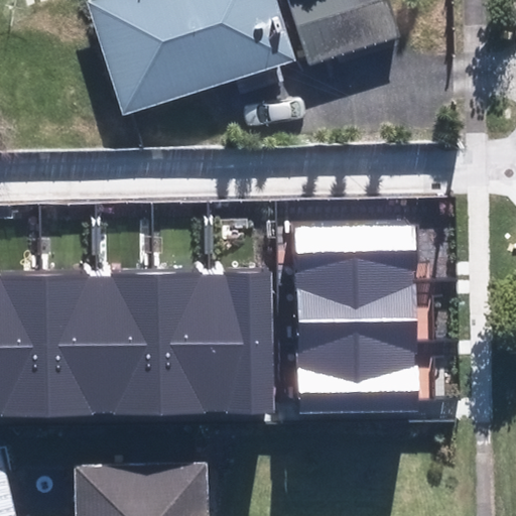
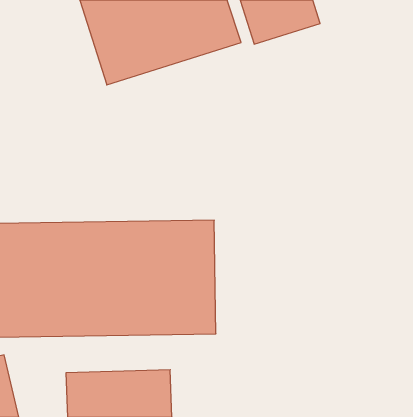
building: [293,228,411,414] -> none

